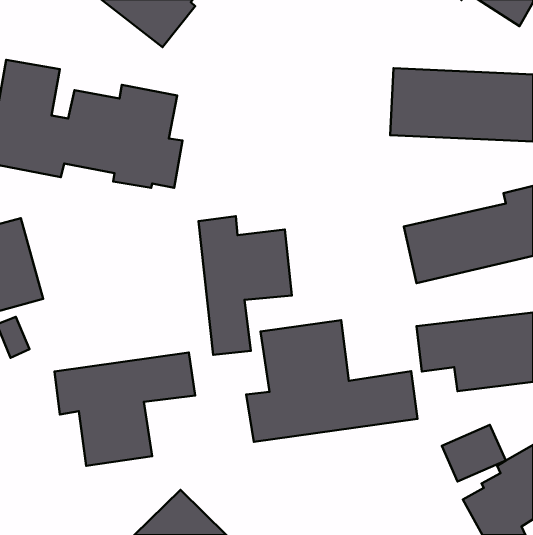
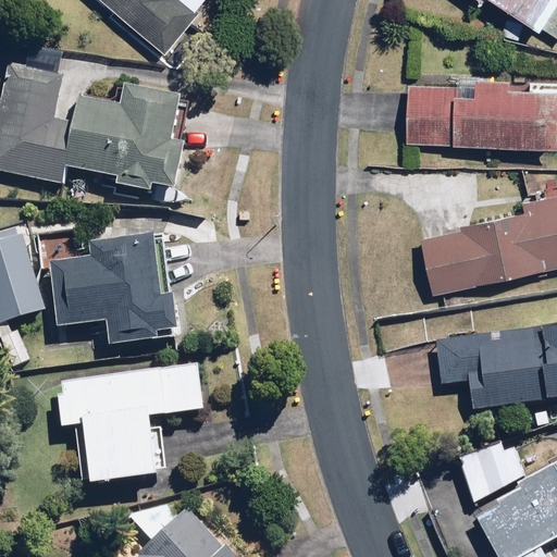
building: [198,216,292,355] -> none
building: none -> [50,234,180,344]
building: [246,320,417,442] -> none

